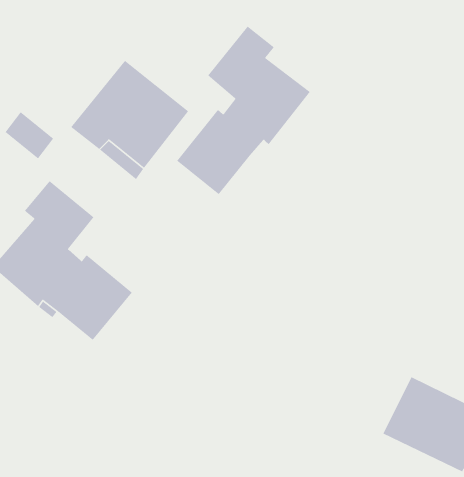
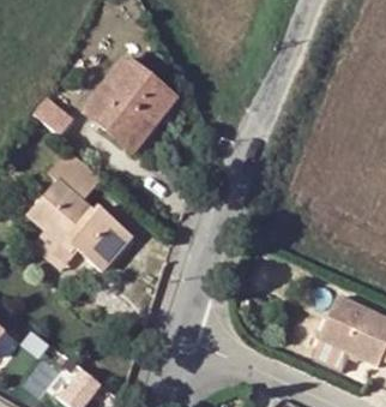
building: [176,26,311,195] -> none

